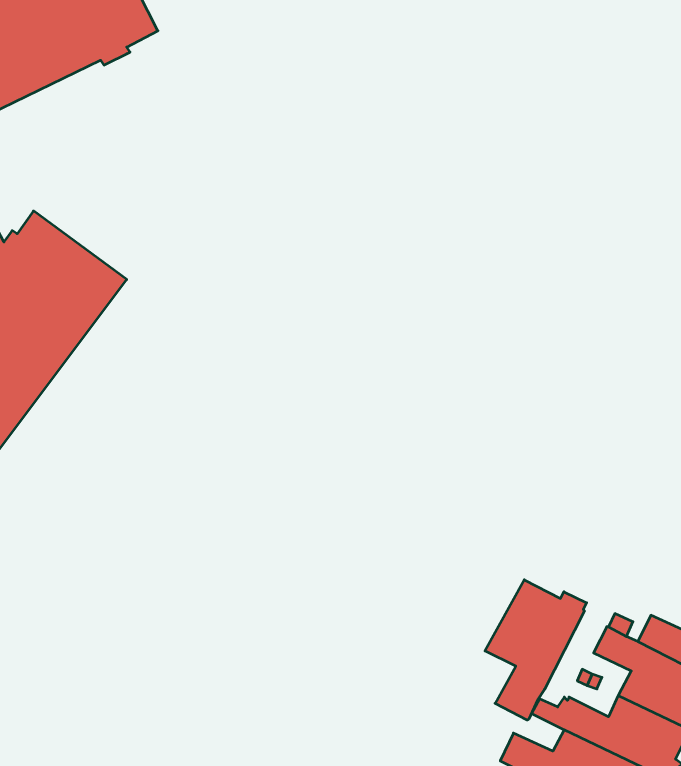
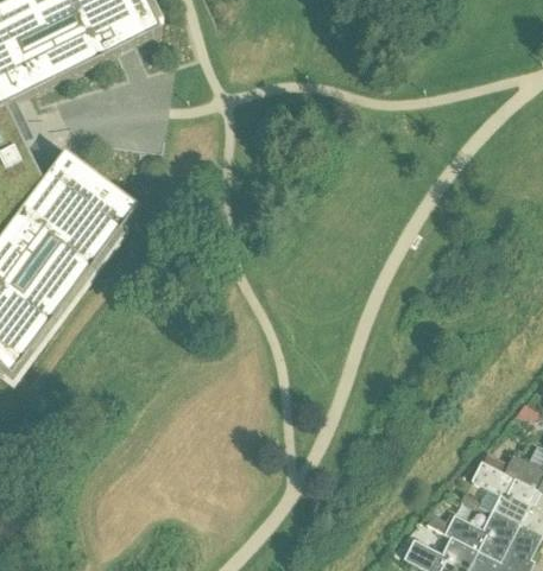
building: [485,580,587,720] -> none

